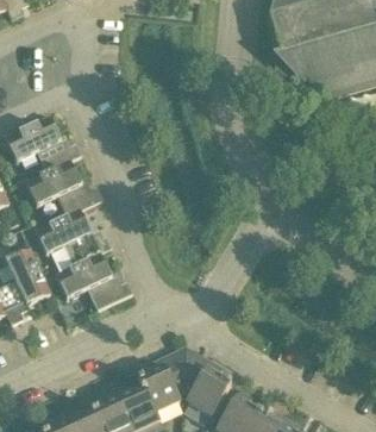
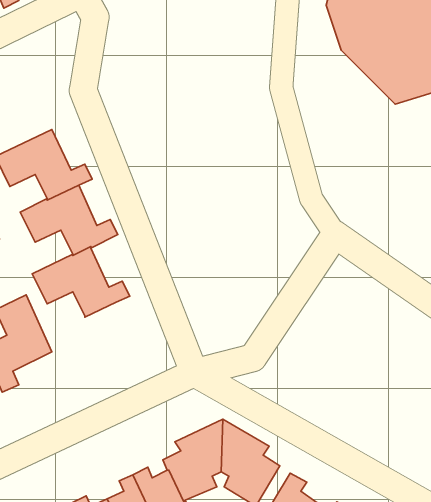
building: [55,253,132,309] -> none

